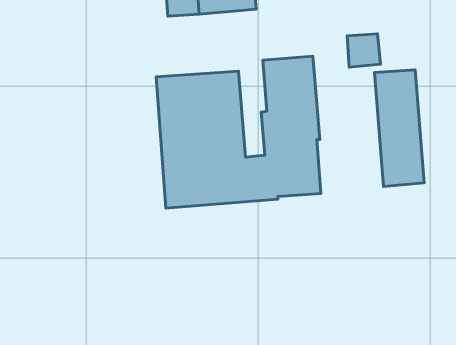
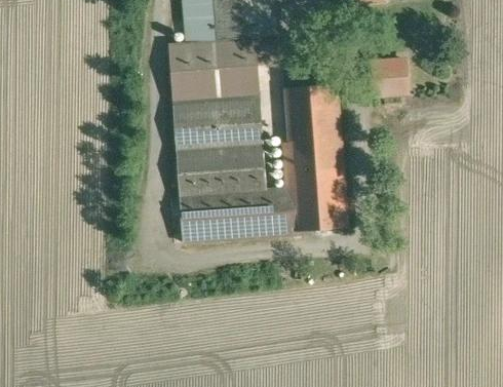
building: none -> [167,34,279,105]
building: [375,70,424,186] -> none

